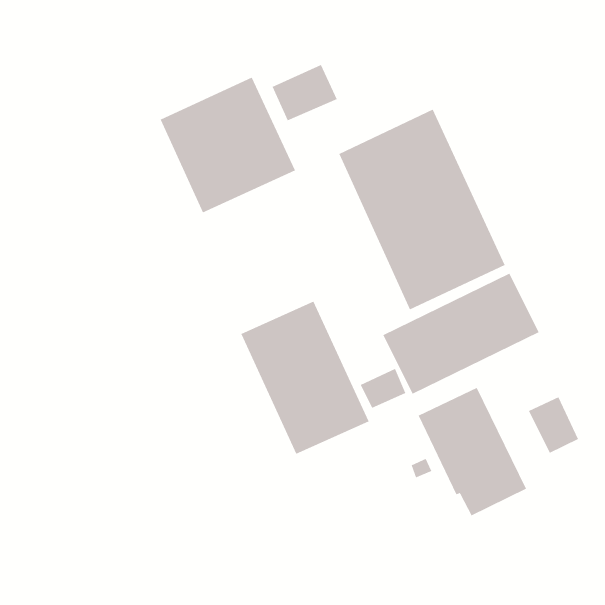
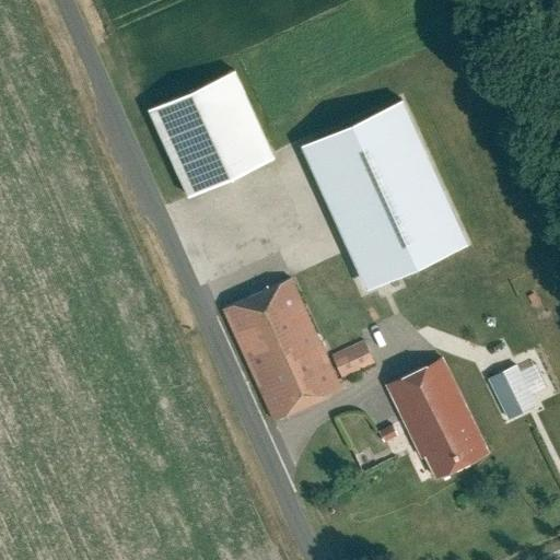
building: [272,64,338,121] -> none
building: [383,273,540,395] -> none

